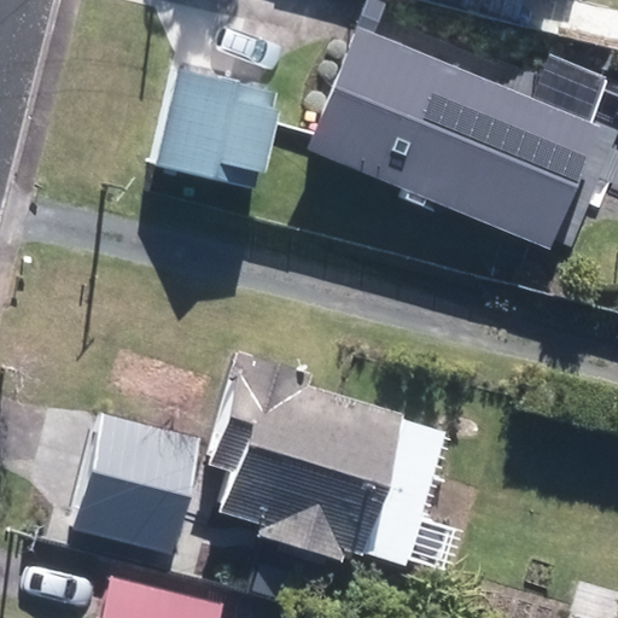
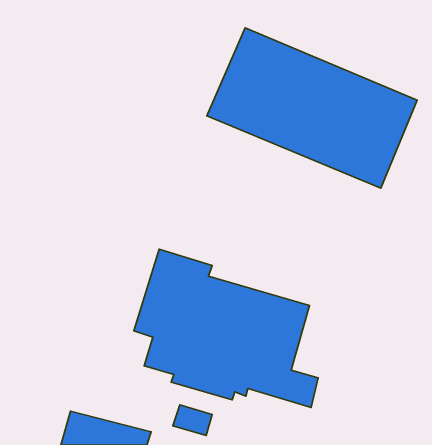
building: [154,82,273,197] -> none
building: [84,413,204,534] -> none

